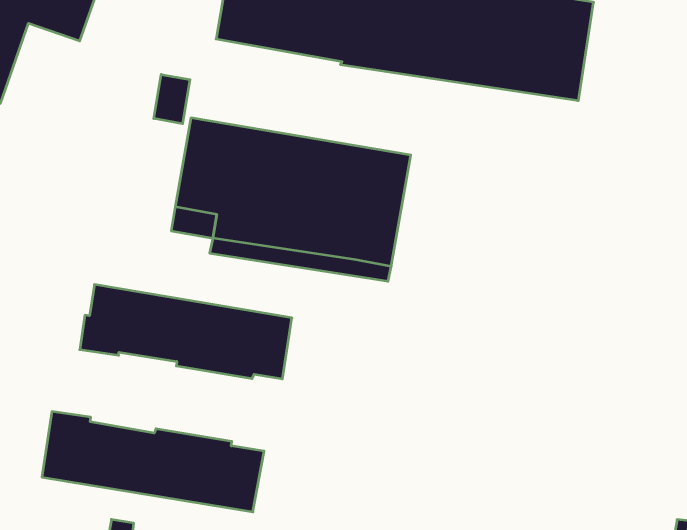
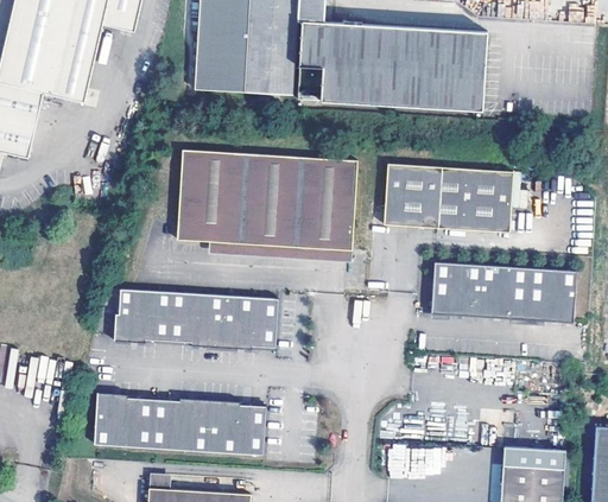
building: [154,74,190,124] -> none
building: none -> [381,161,512,229]
building: none -> [429,260,575,322]

